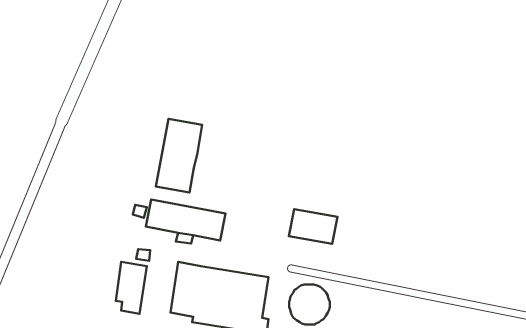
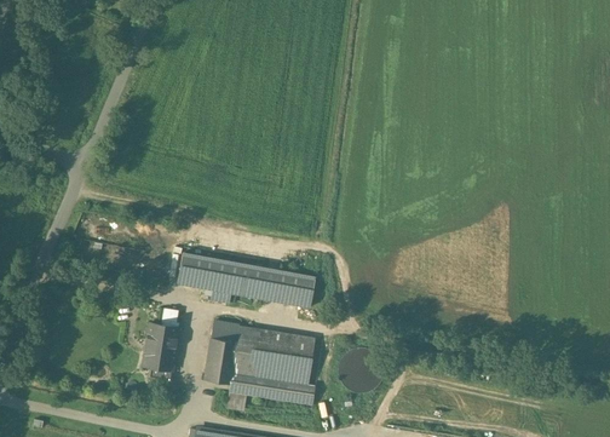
building: [156,119,202,193] -> none
building: [289,209,337,244] -> [260,268,315,306]

